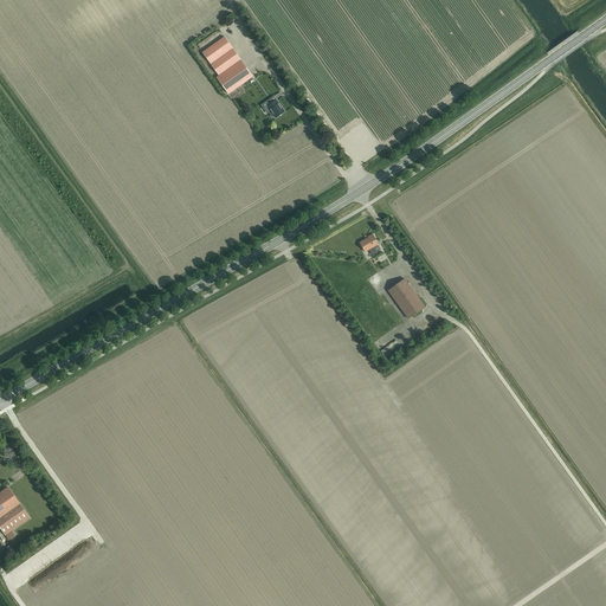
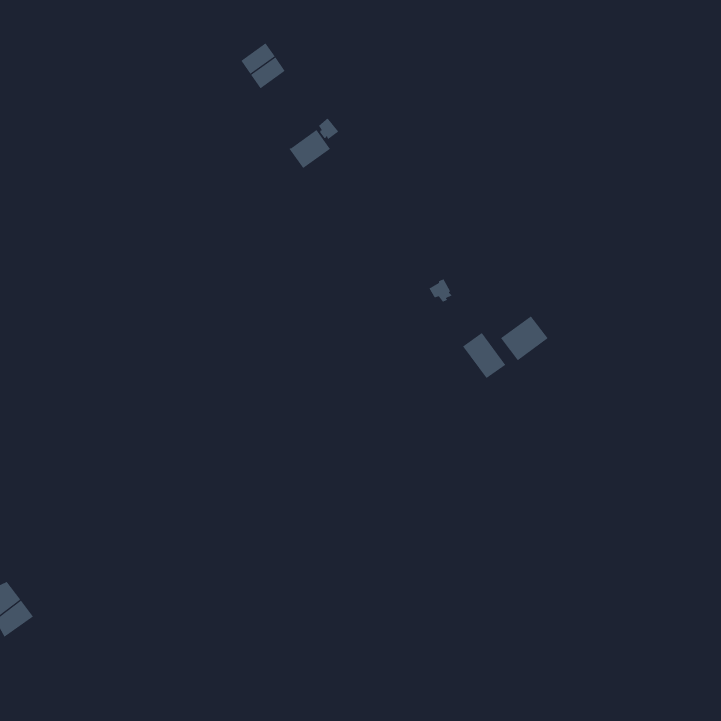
building: [215,59,251,92] -> [289,129,331,169]
building: none -> [500,315,548,361]

